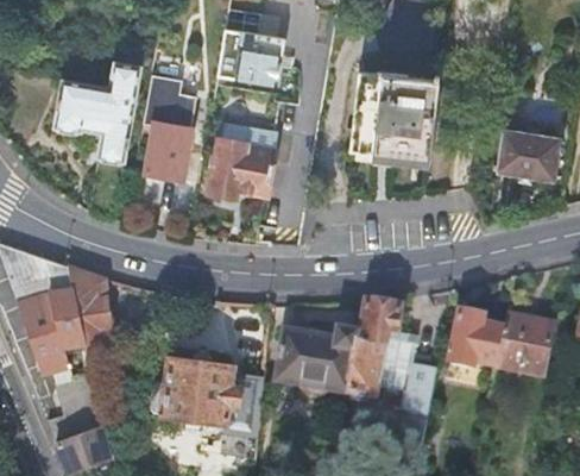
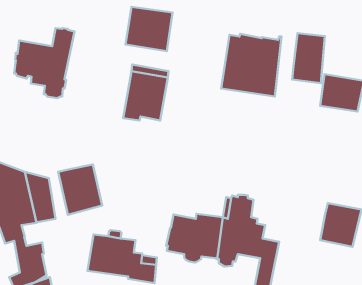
building: none -> [292,33,325,83]
building: [143,75,197,178] -> none
building: none -> [58,164,102,215]
building: [449,311,503,368] -> none

